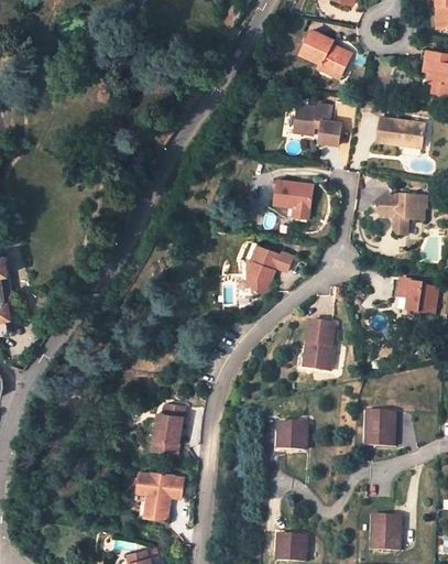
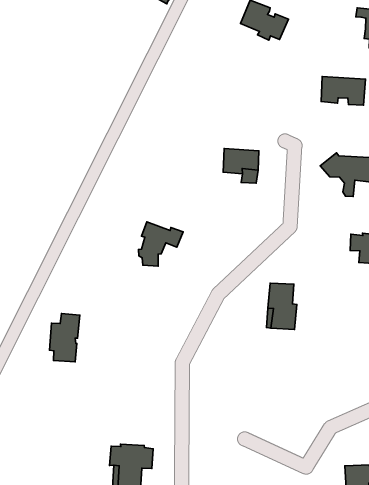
building: [291,101,339,141] -> none
building: [245,243,293,290] -> [138,222,183,266]
building: [149,402,183,453] -> [49,314,80,362]
building: [364,412,393,447] -> none
building: [278,423,306,451] -> none

